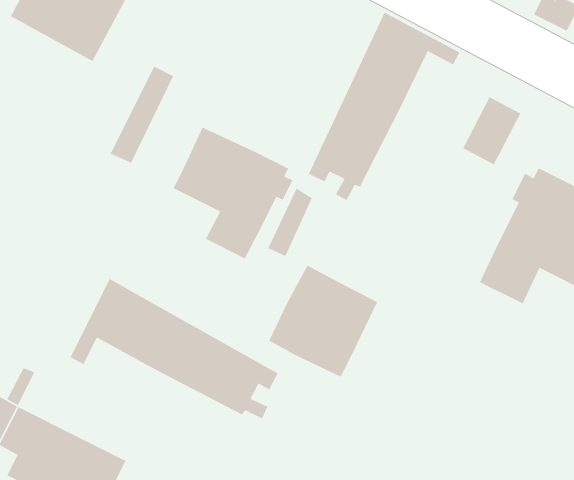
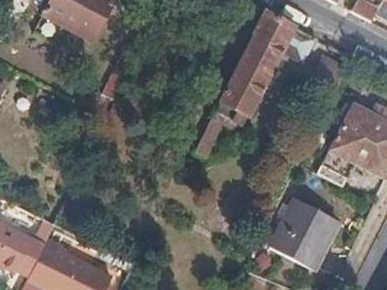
building: [173,127,294,259] -> none
building: [268,264,378,378] -> [274,201,339,268]
building: [69,278,279,419] -> none

